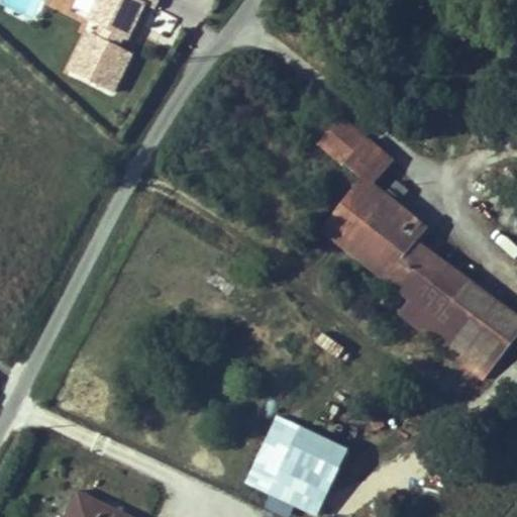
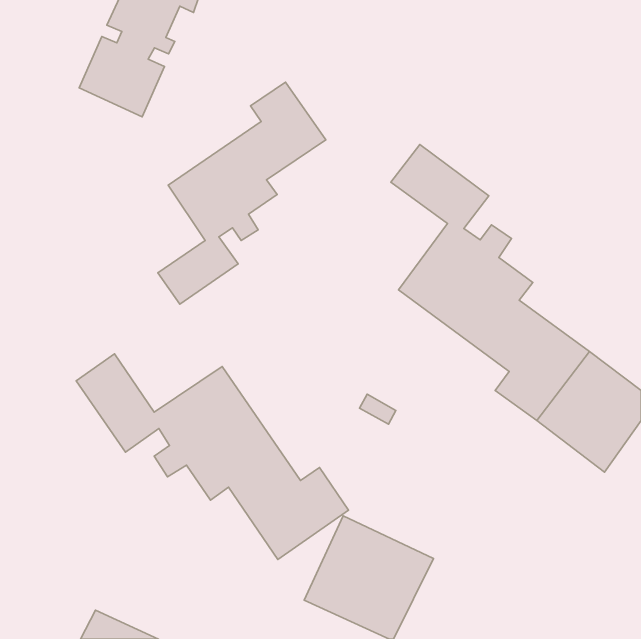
building: none -> [158,82,326,304]
building: none -> [76,354,348,560]

